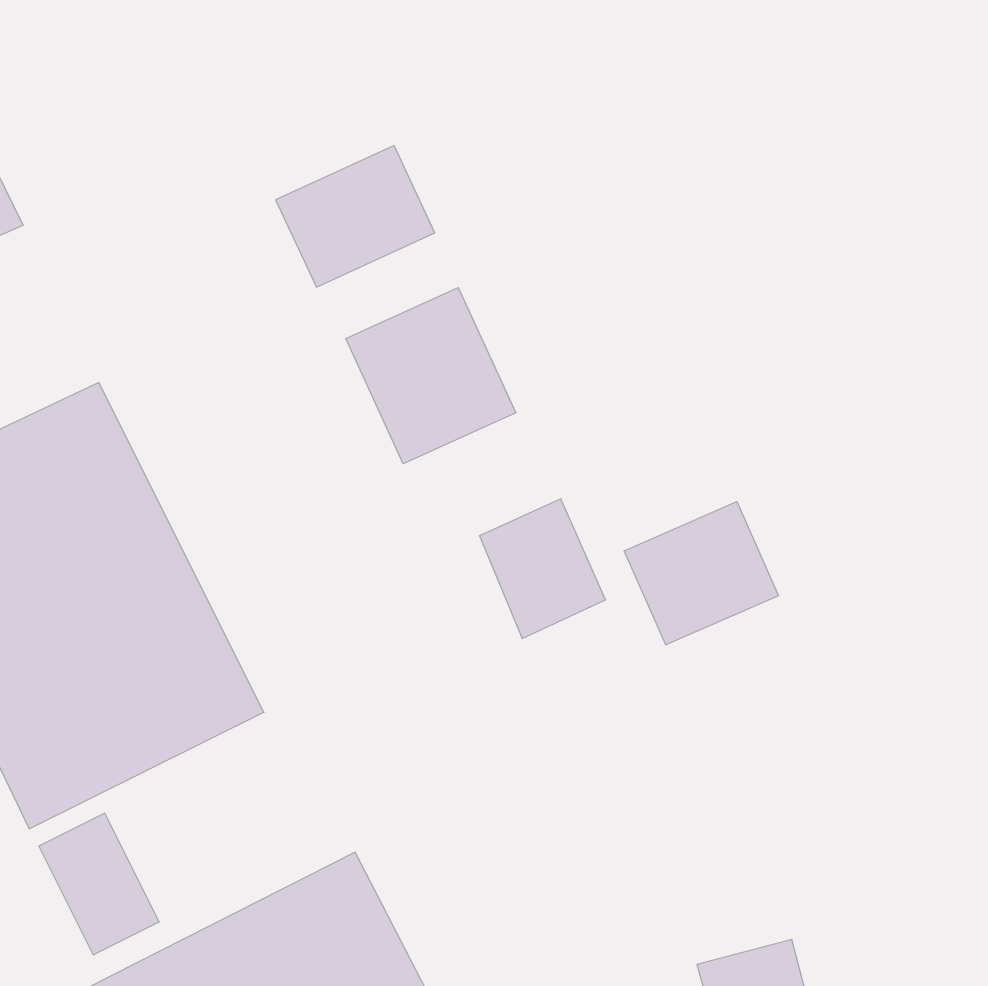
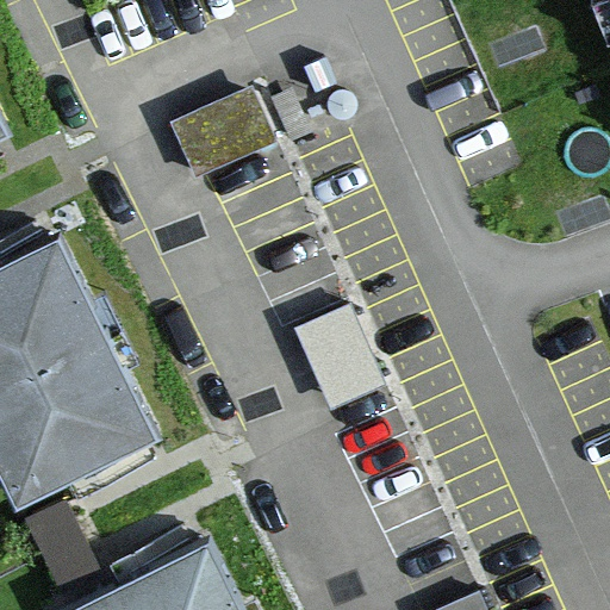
building: [346,288,516,464] -> none
building: [624,502,778,645] -> none

